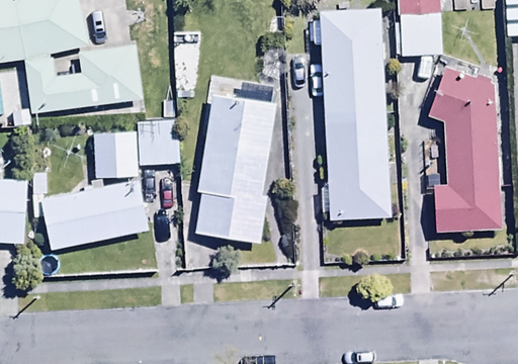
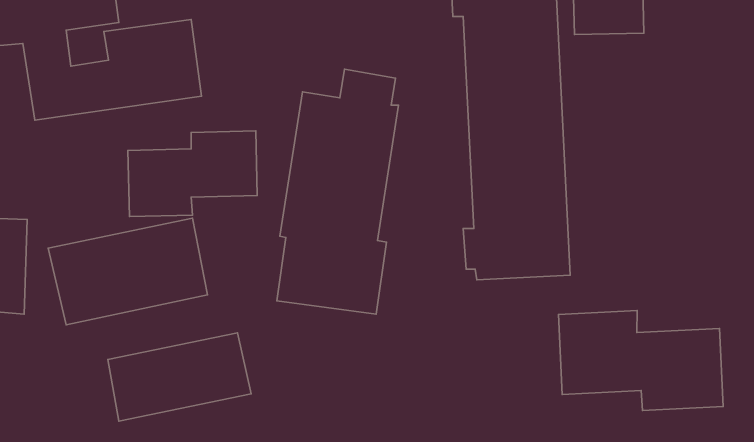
building: [429,66,499,230] -> none
building: none -> [558,311,723,411]
building: none -> [108,333,251,421]

